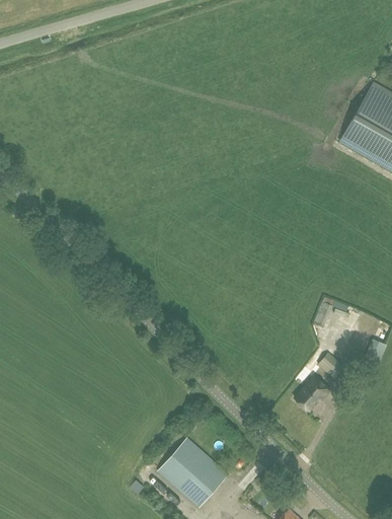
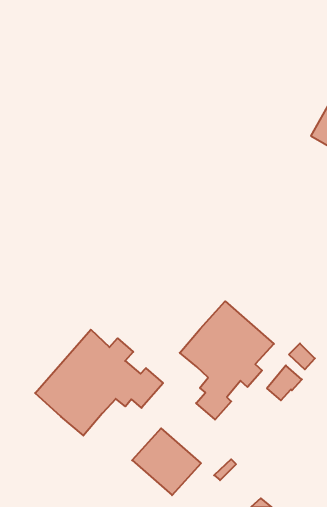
building: none -> [180,301,274,420]
building: none -> [35,330,163,436]

